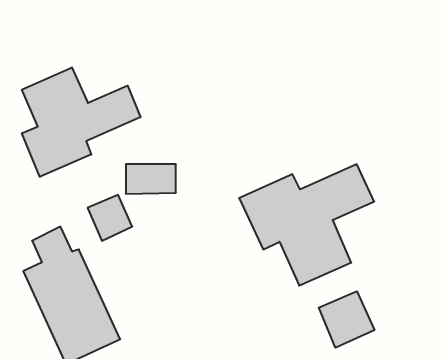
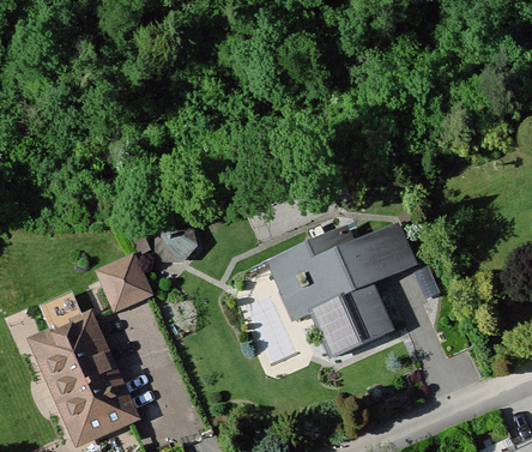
building: [22,67,141,177] -> none
building: [319,291,374,348] -> none

